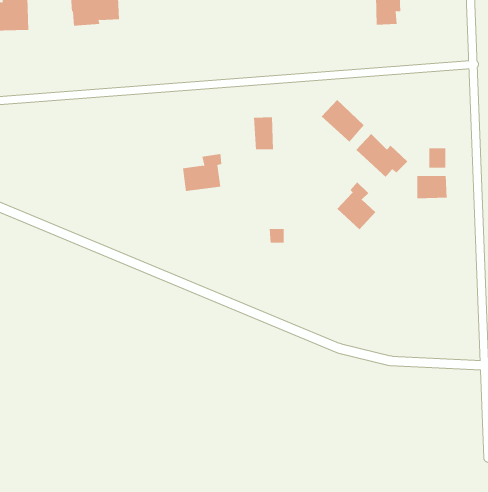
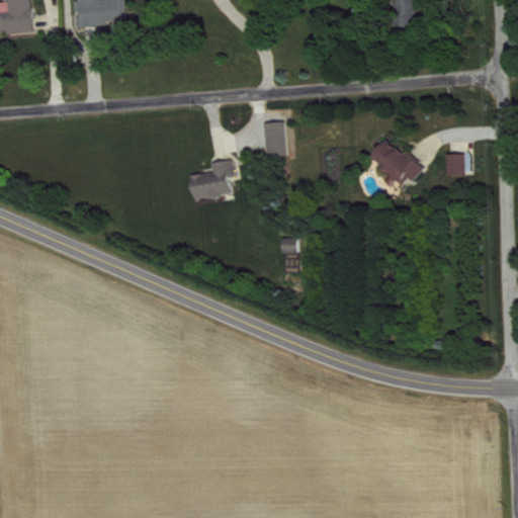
building: [321,99,364,142] -> none
building: [417,175,447,199] -> none
building: [337,181,376,230] -> none

